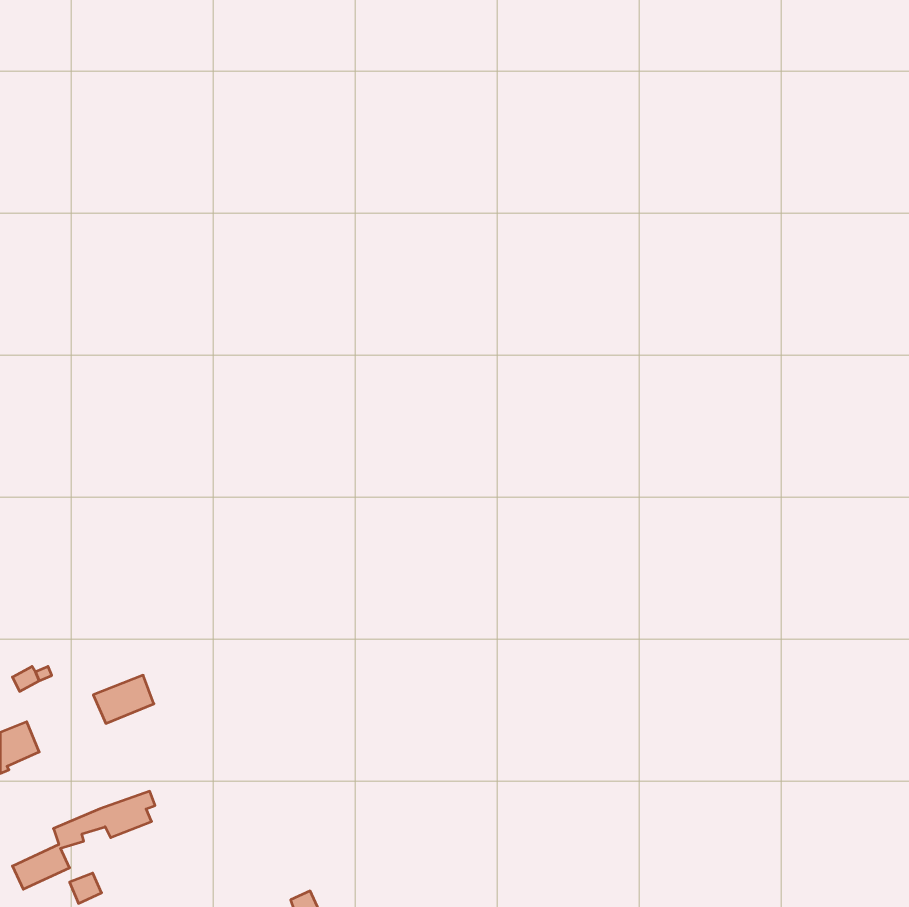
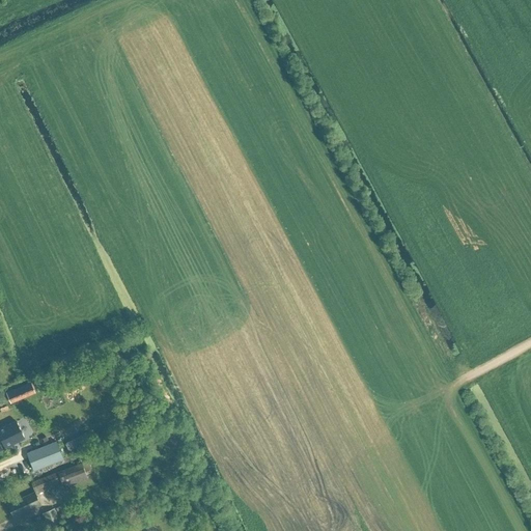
building: [93,675,154,723] -> [28,443,63,471]

